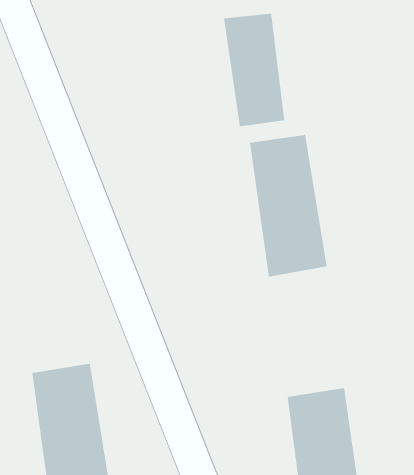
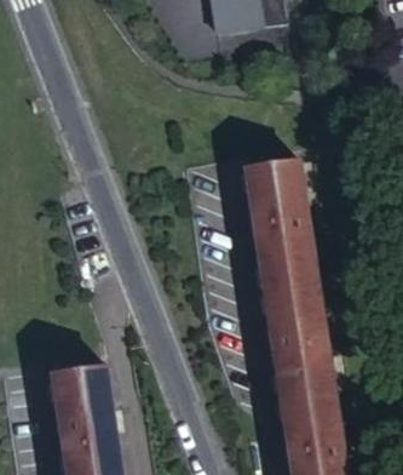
building: [223,13,285,127] -> none
building: none -> [265,281,334,399]

